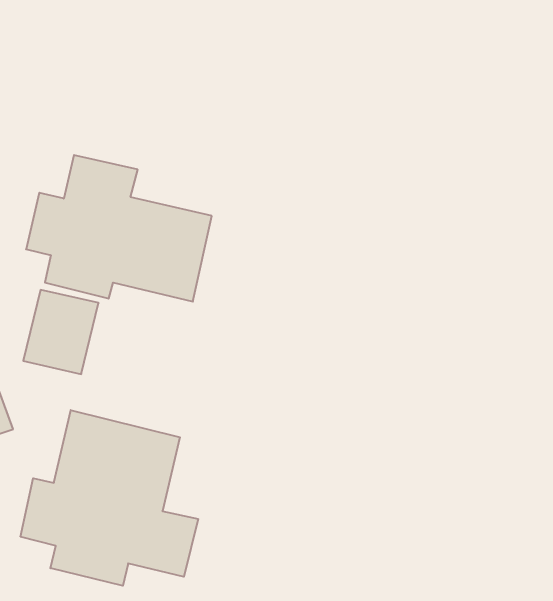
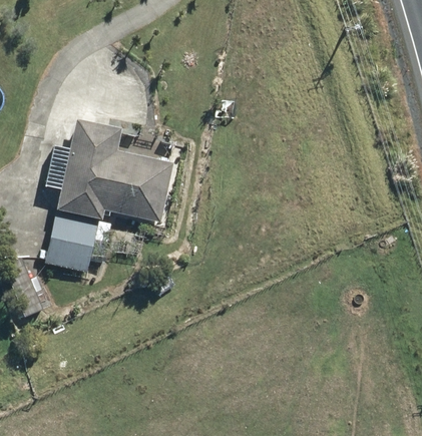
building: [21,410,198,586] -> none

